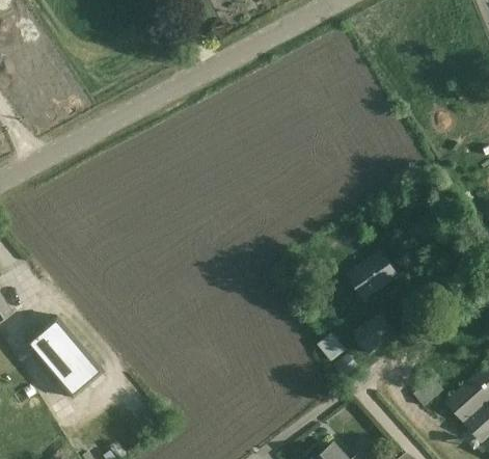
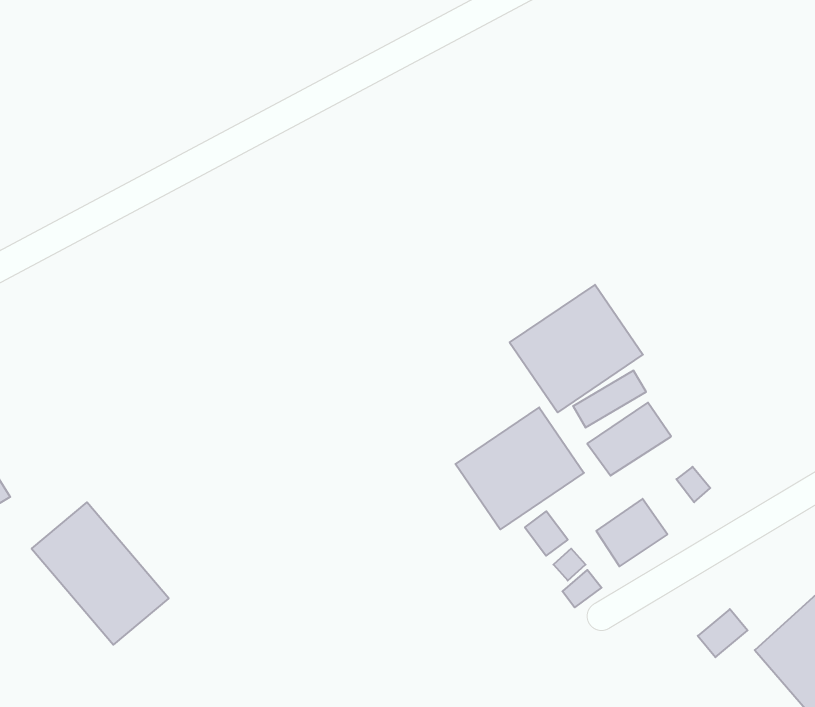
building: none -> [510,285,643,412]
building: none -> [455,407,584,529]

